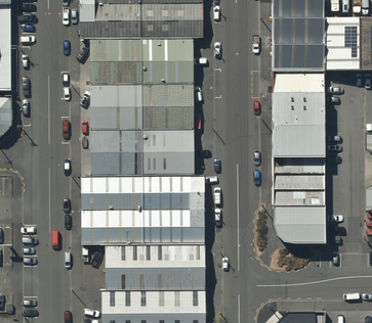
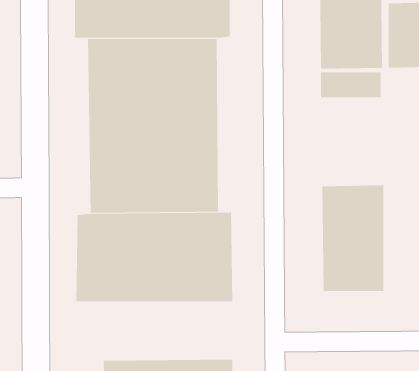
building: [275,88,322,152] -> none
building: [102,246,205,292] -> none

